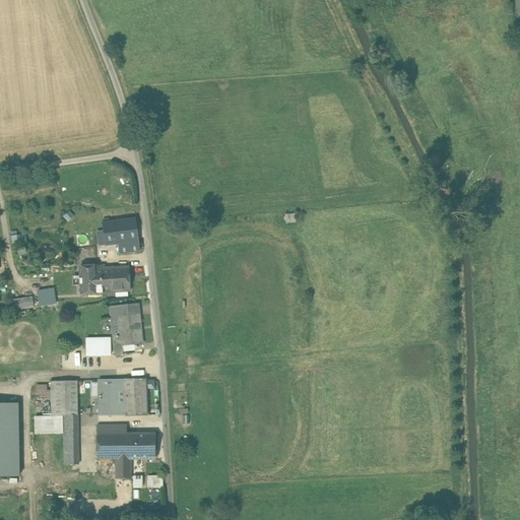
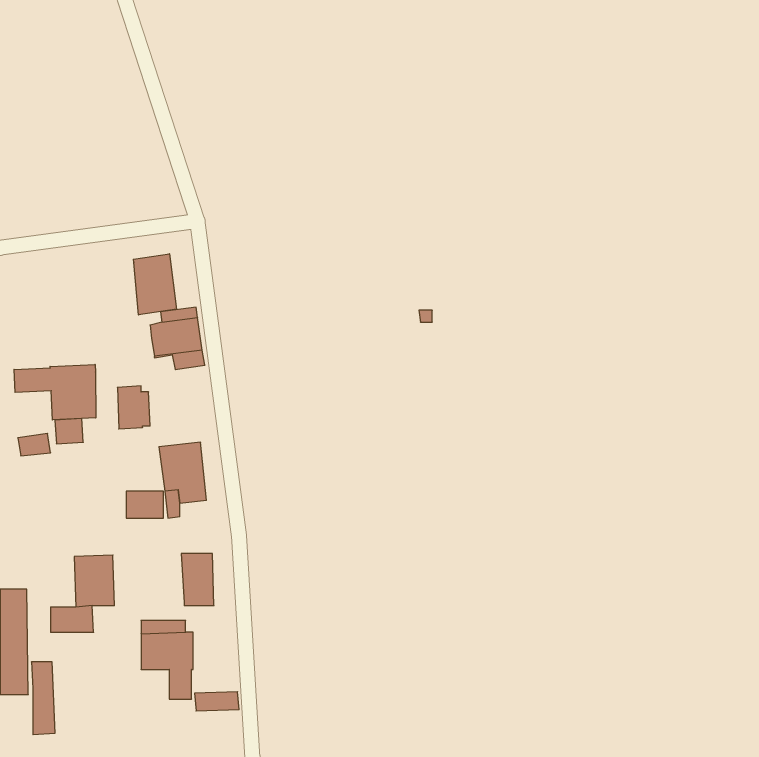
building: none -> [133,254,176,315]
building: none -> [14,364,96,420]
building: [102,266,130,291] -> none
building: [100,379,126,413] -> none
building: [63,414,79,464] -> [31,662,55,735]
building: [132,433,155,458] -> none

